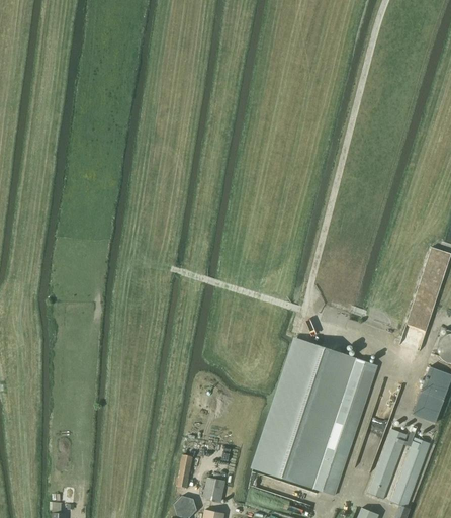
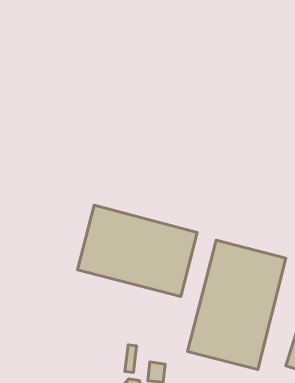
building: none -> [77,205,197,296]

